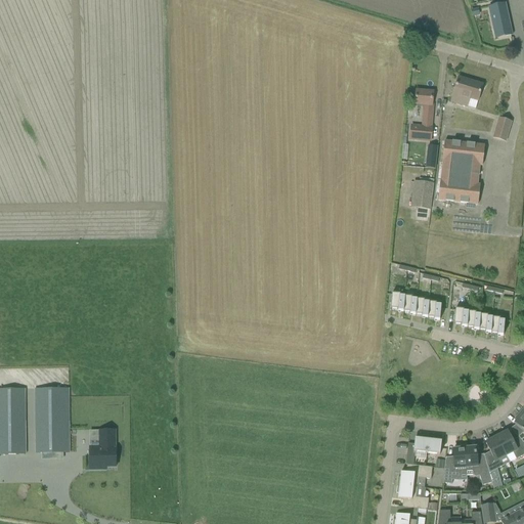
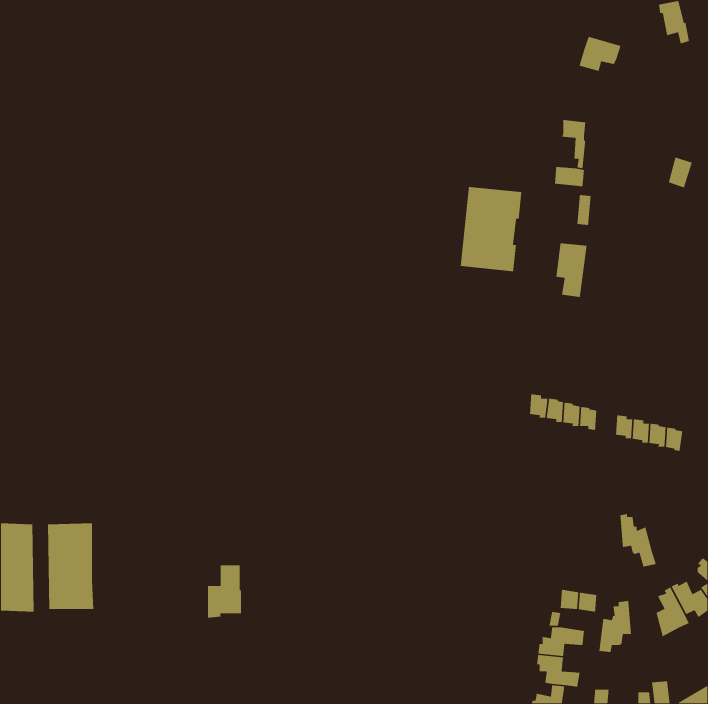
building: [451,76,483,102] -> [578,36,621,72]
building: [438,139,484,203] -> [460,186,522,272]
building: [90,428,116,468] -> [207,564,242,618]
building: [465,443,492,483] -> [619,513,657,567]

